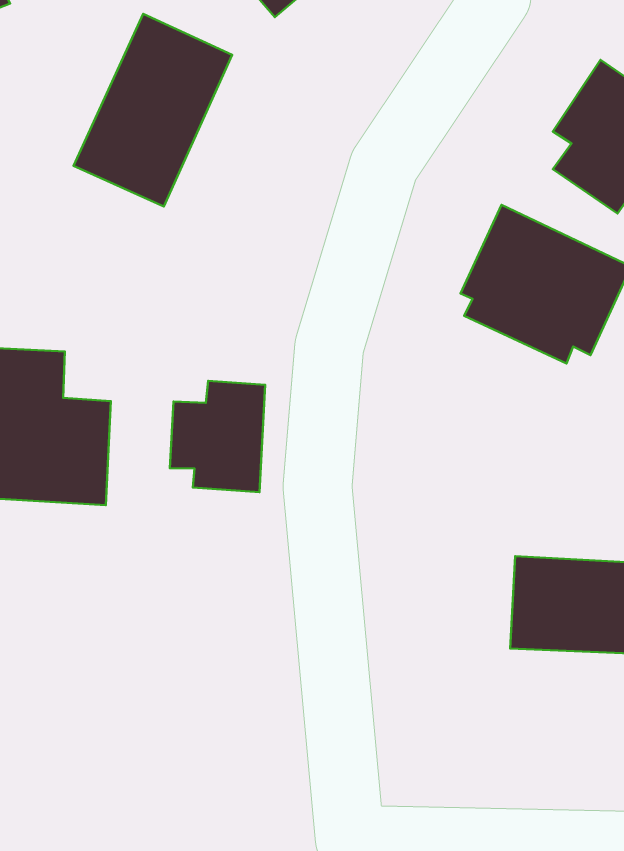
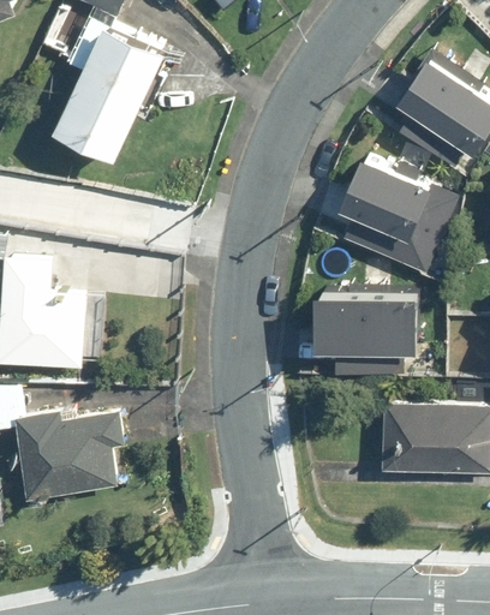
building: [170,381,265,492] -> none
building: none -> [317,299,426,374]
building: none -> [16,413,122,500]

